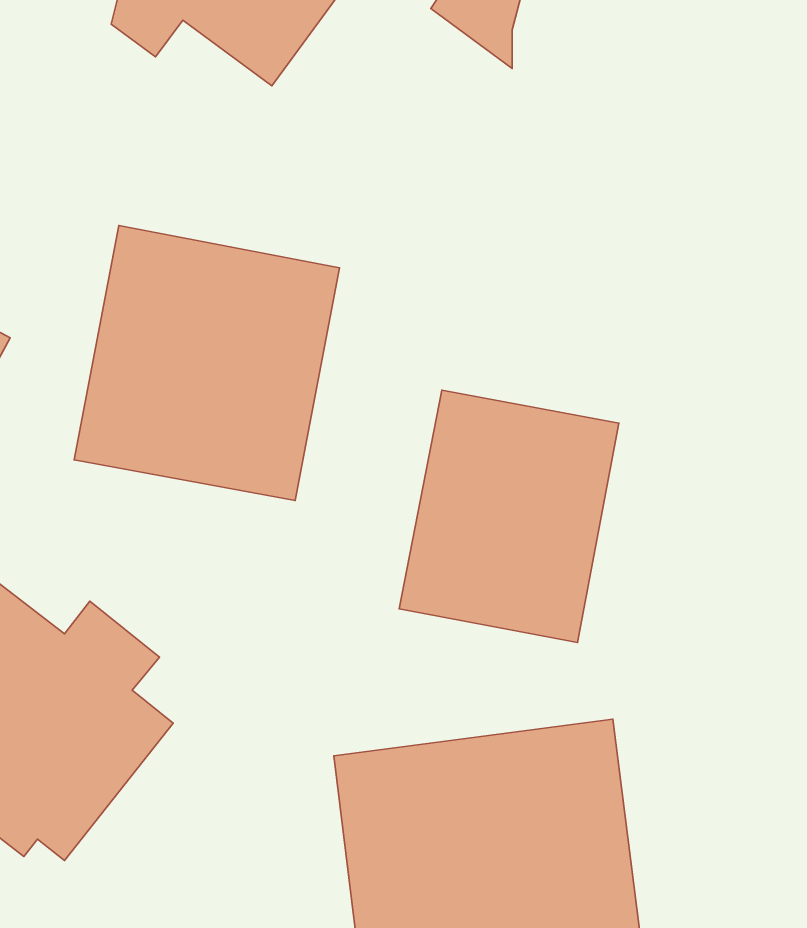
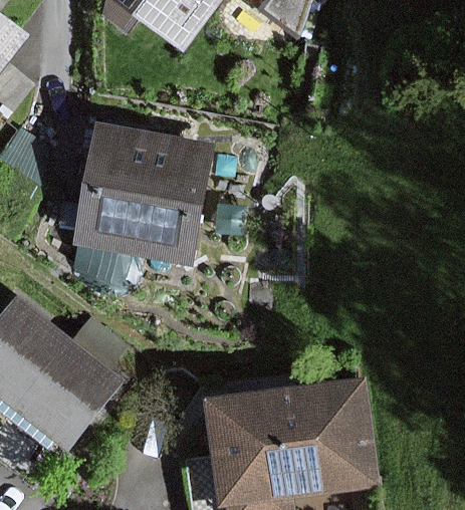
building: [399,390,619,643] -> none

